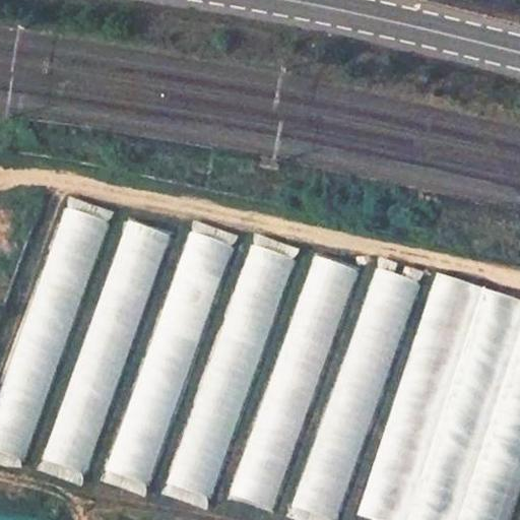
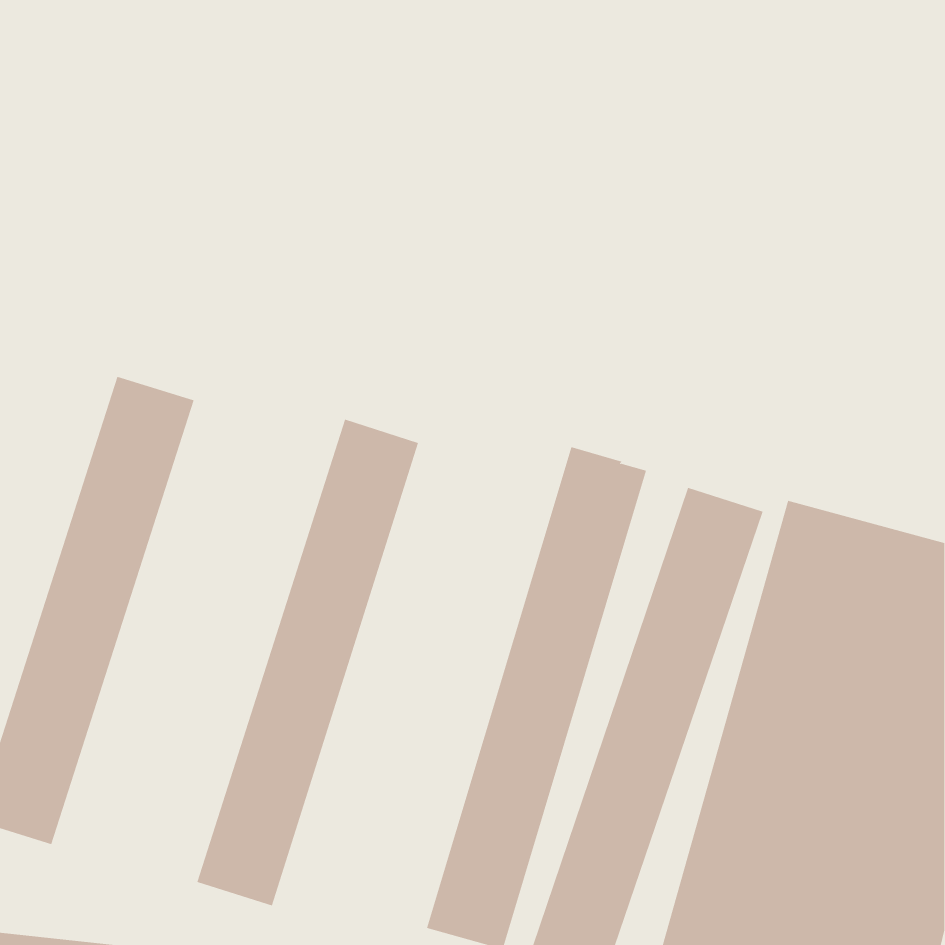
building: [51,221,164,480] -> none
building: [171,244,292,502] -> none

